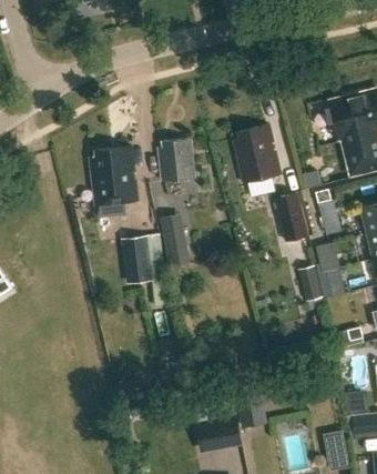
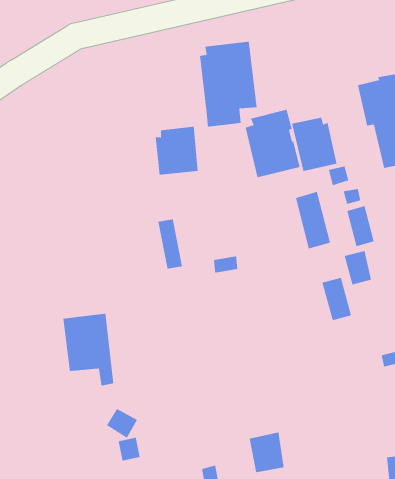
building: none -> [292,117,337,172]
building: [91,147,140,219] -> [199,41,257,127]
building: [122,235,165,296] -> [62,313,114,386]

